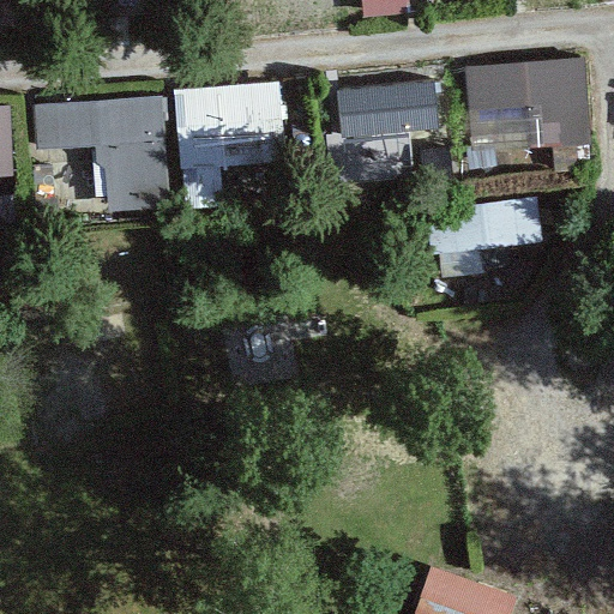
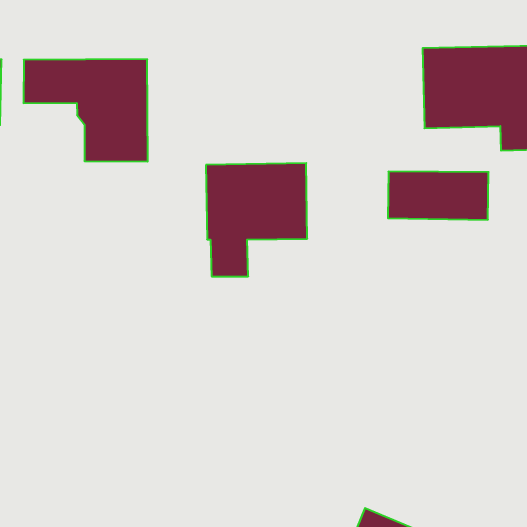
building: [335,79,439,139] -> none
building: [171,80,285,209] -> [206,163,307,276]

